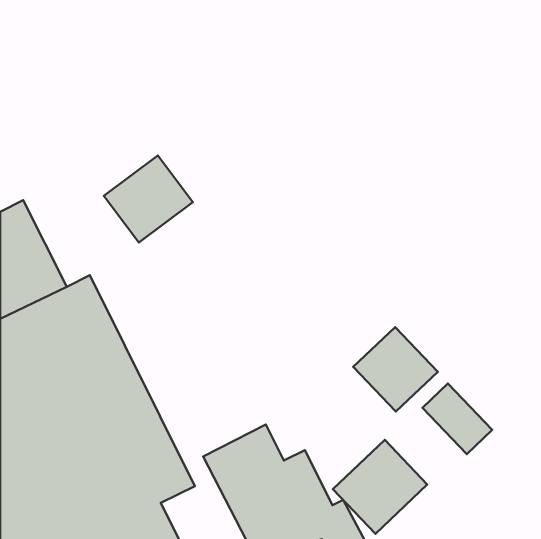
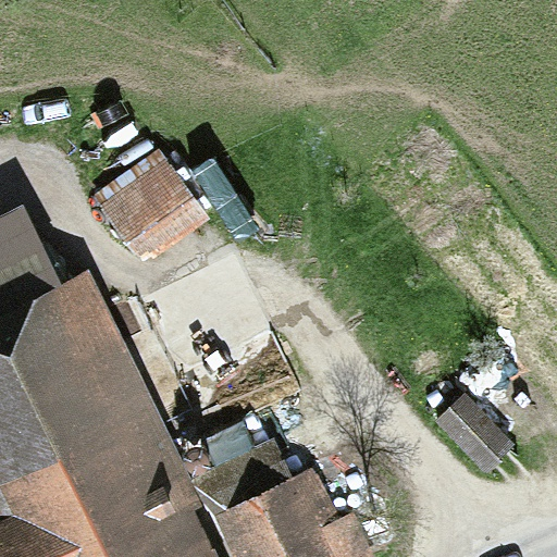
building: [353,327,438,411] -> none
building: [333,440,427,534] -> none

